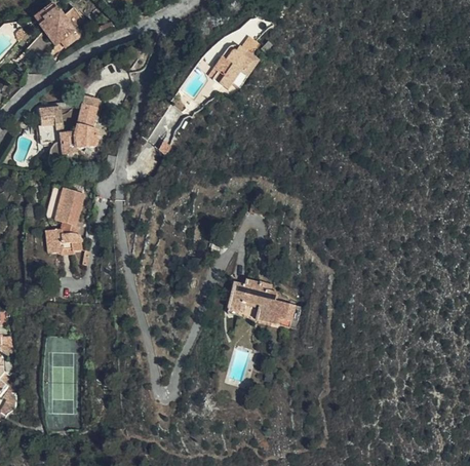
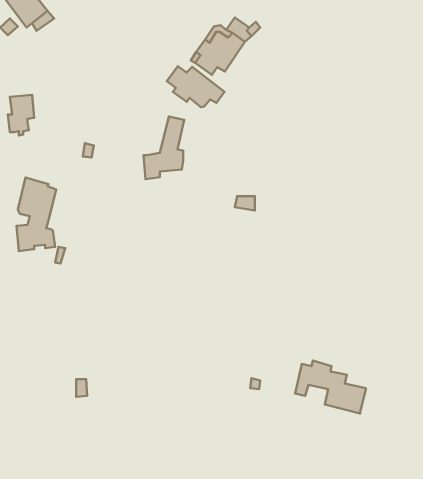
building: none -> [167,66,225,107]
building: [61,96,99,155] -> [143,116,184,179]
building: [229,278,295,327] -> [295,361,366,413]

